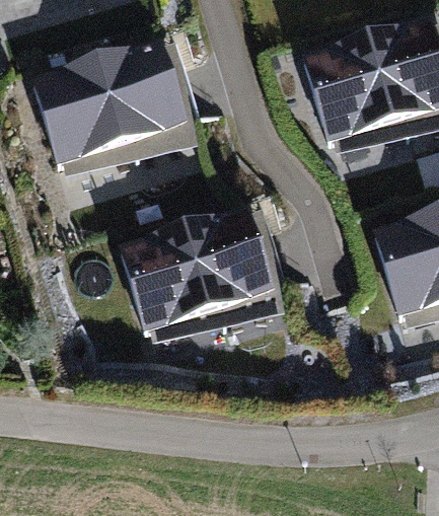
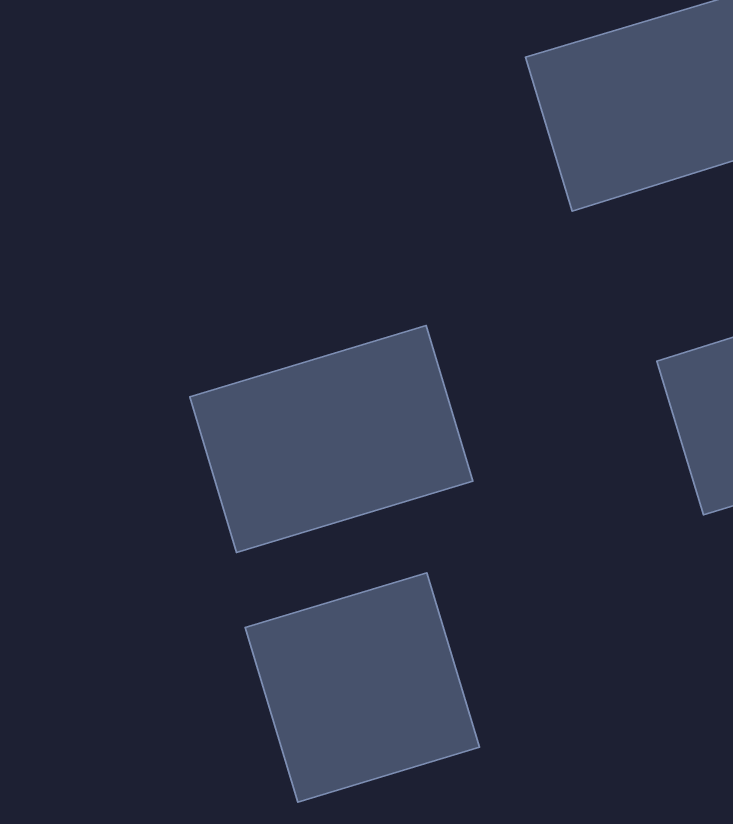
building: [31,46,185,168] -> none
building: none -> [245,573,479,802]

